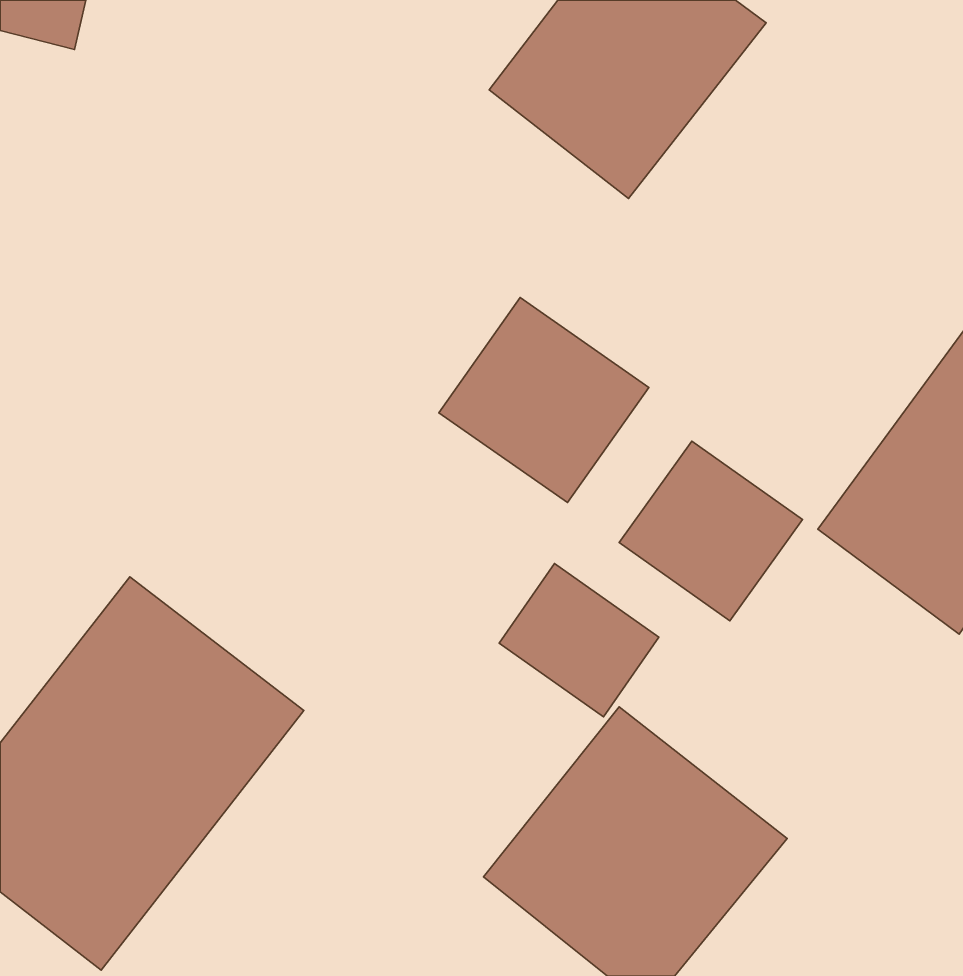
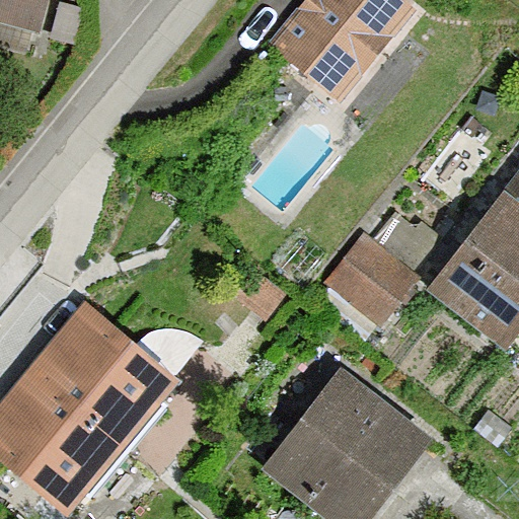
building: [439,298,649,503] -> none
building: [499,563,659,717] -> none

